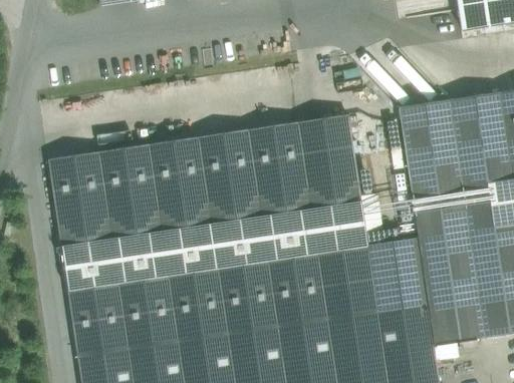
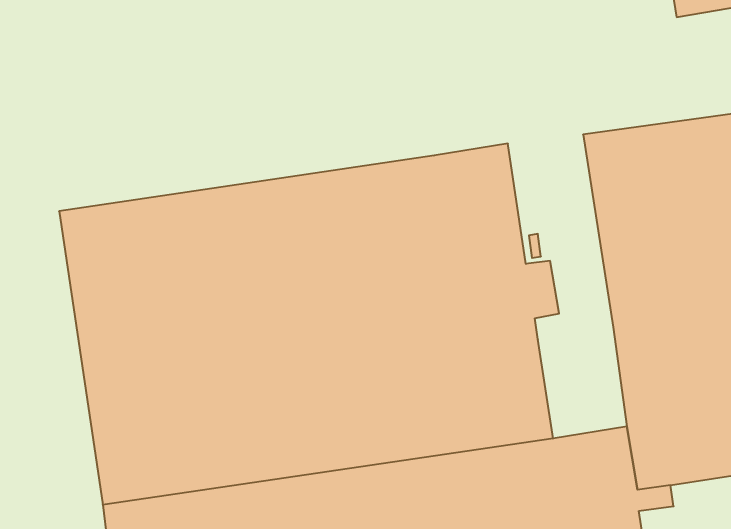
building: [368,239,428,313] -> none

